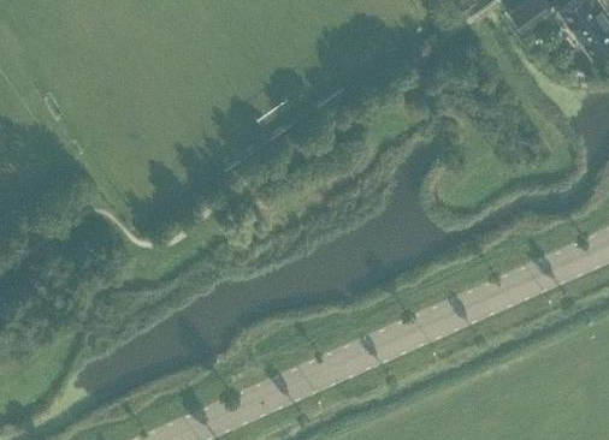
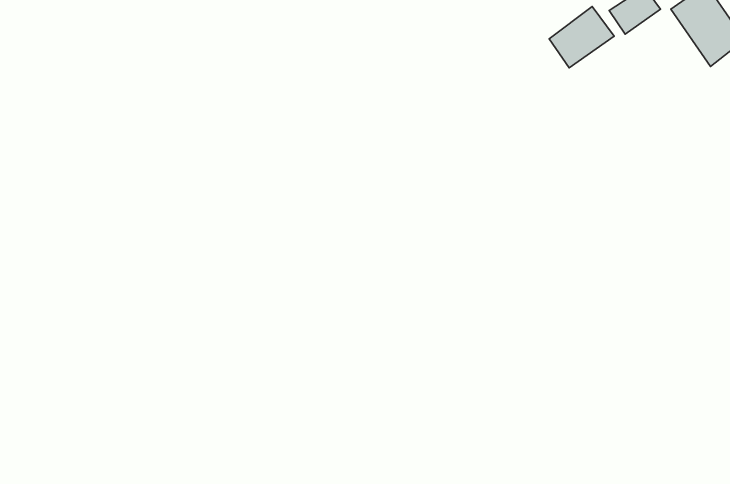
building: none -> [549,6,614,68]

